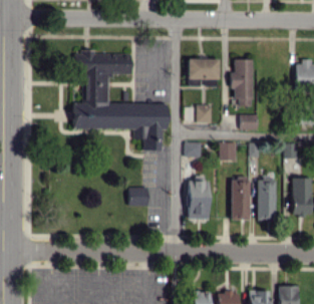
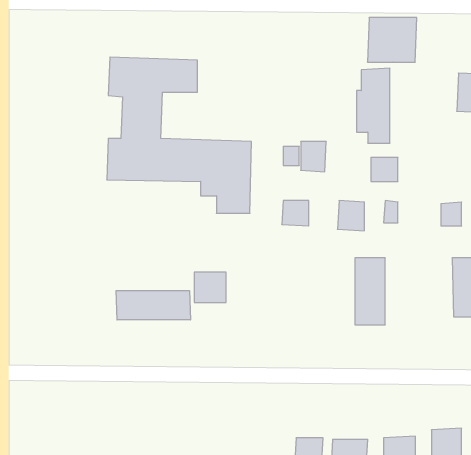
building: [188,58,219,86] -> [367,18,417,62]
building: [257,178,276,220] -> none
building: [188,181,209,219] -> none
building: none -> [116,291,190,320]

